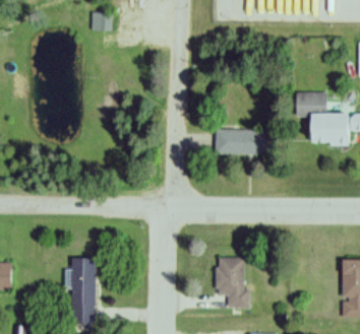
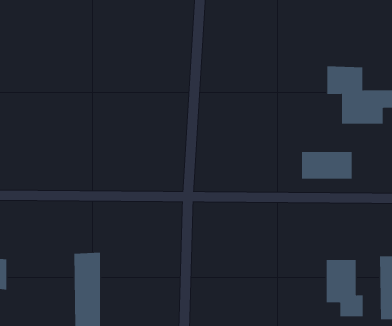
building: [216,129,261,153] -> [301,152,353,179]
building: [217,258,250,309] -> [326,260,363,317]

